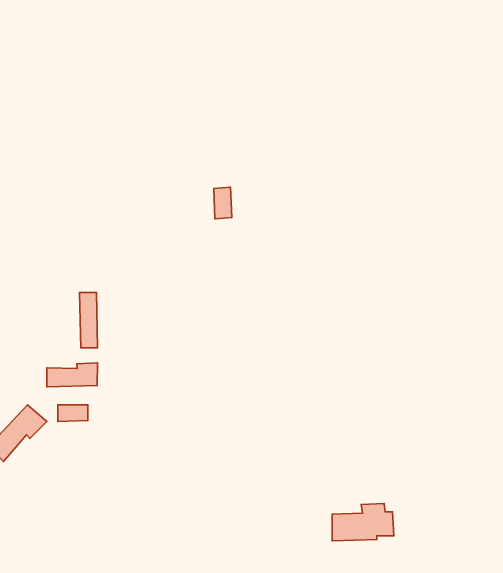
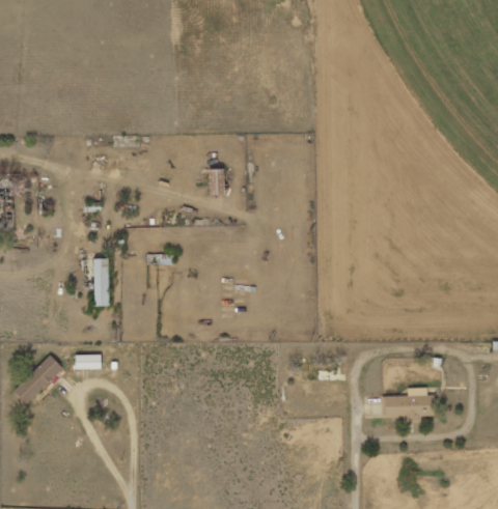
building: [47,363,98,387] -> none
building: [332,503,394,541] -> [382,388,435,420]

